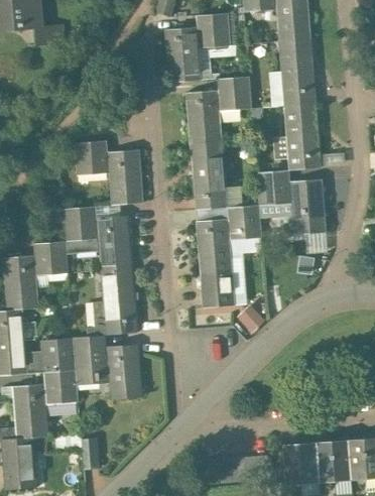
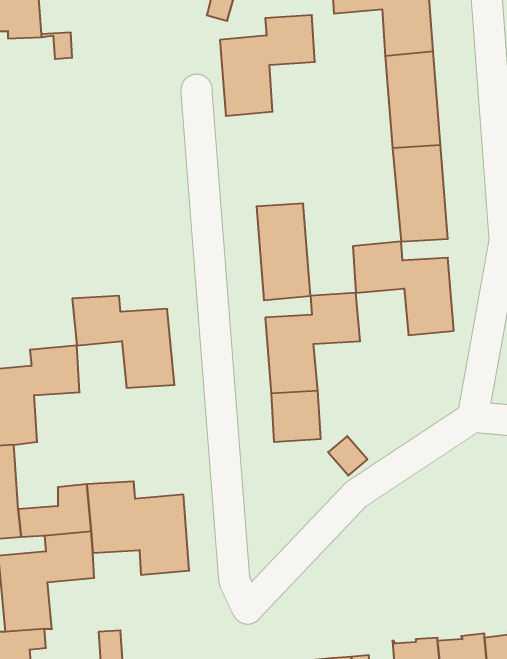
building: [185,76,251,145] -> none
building: [73,141,144,205] -> none
building: [100,268,138,335] -> none

